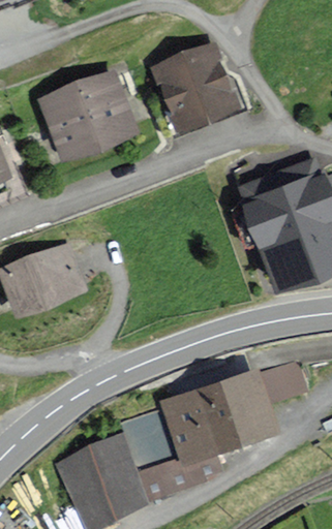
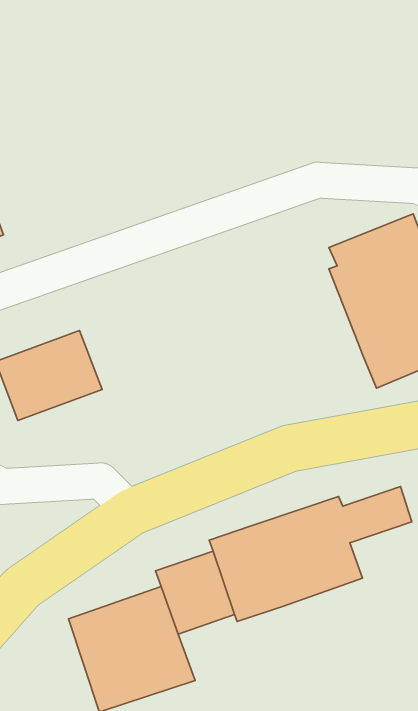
building: [158,45,238,131] -> none
building: [46,76,133,156] -> none
building: [137,450,221,505] -> none

